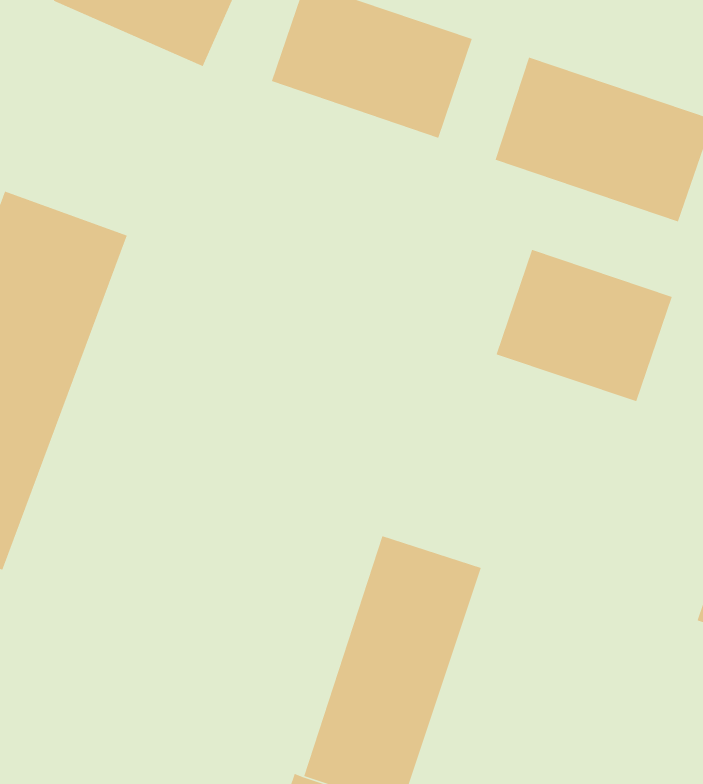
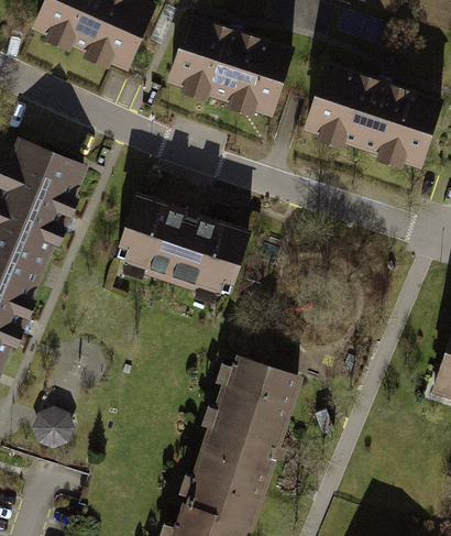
building: [496,249,673,402] -> none
building: none -> [108,208,233,299]
building: none -> [34,405,79,448]

